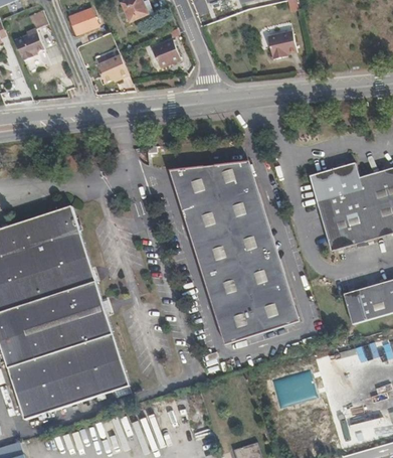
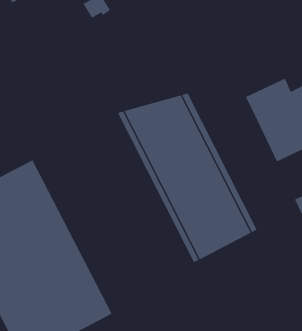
building: [95,55,128,83] -> none

